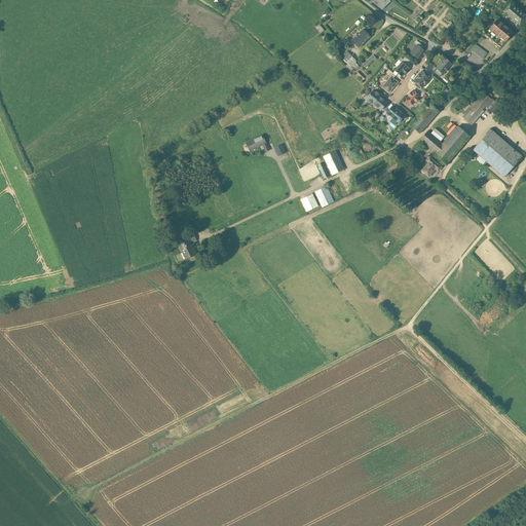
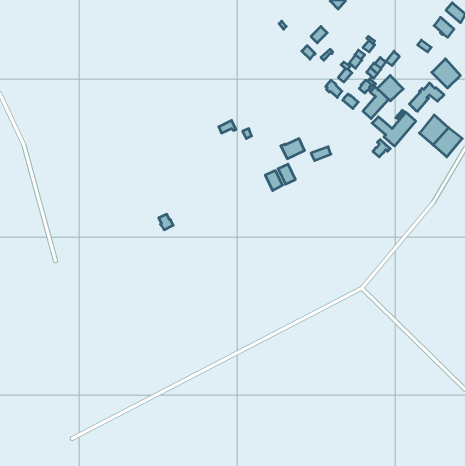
building: none -> [432,59,460,88]
building: none -> [377,75,403,101]

